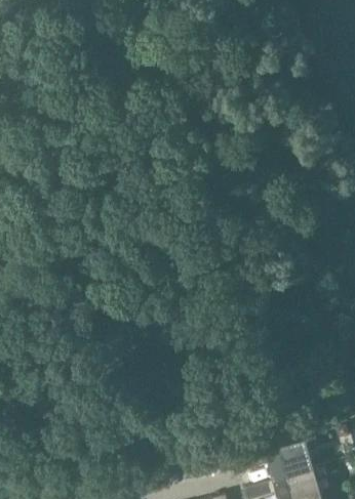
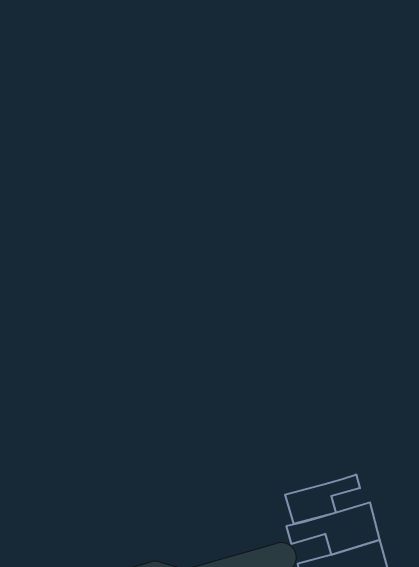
building: none -> [285,474,360,524]

